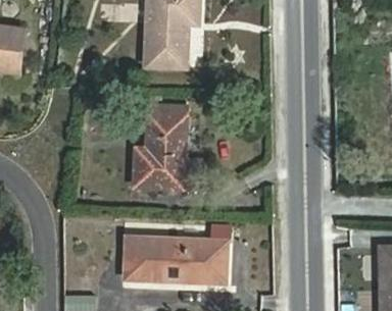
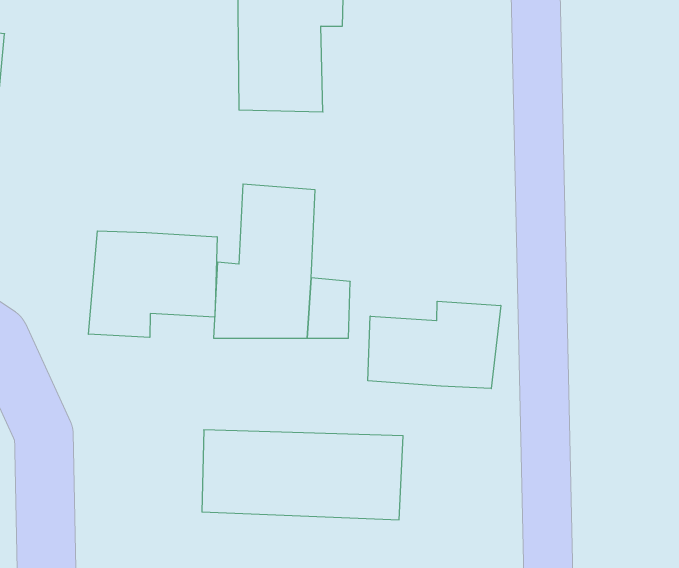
building: none -> [88,231,217,337]
building: none -> [368,301,501,389]

